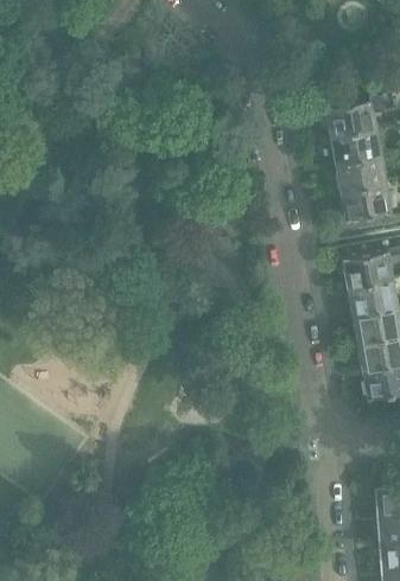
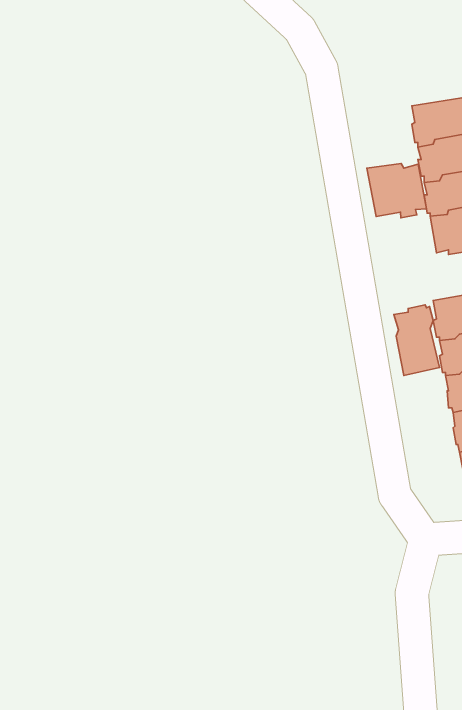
building: none -> [367,163,426,218]
building: none -> [394,305,439,376]

